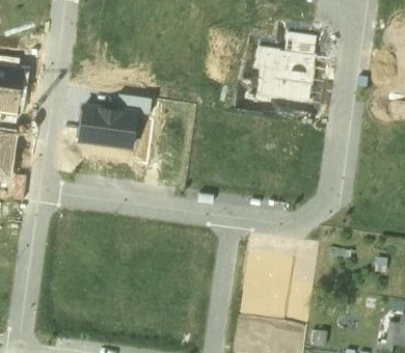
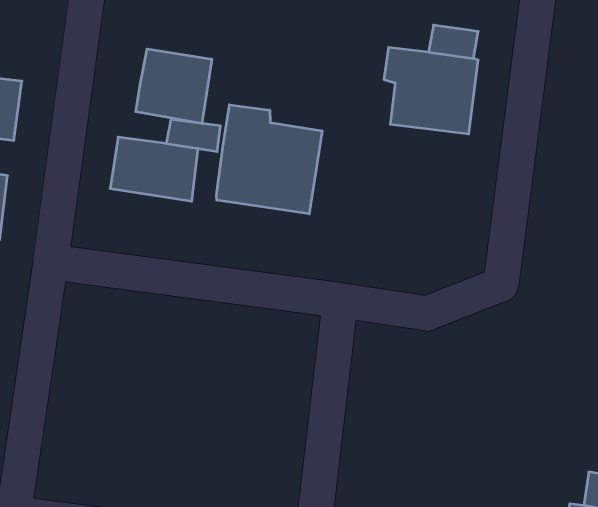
building: none -> [136,49,212,124]
building: none -> [216,105,322,214]

